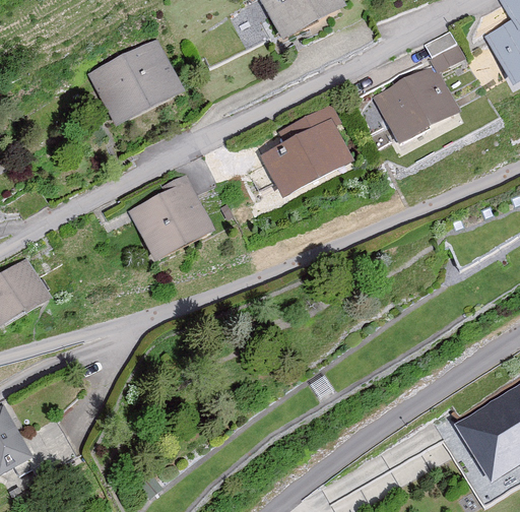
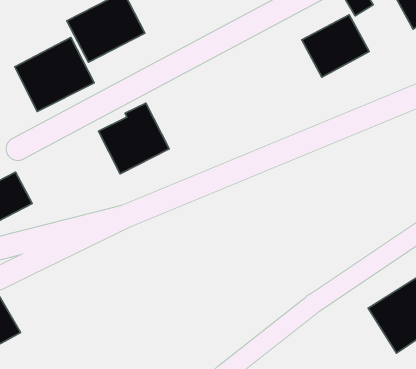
building: none -> [15,38,94,112]
building: [255,102,347,197] -> none

